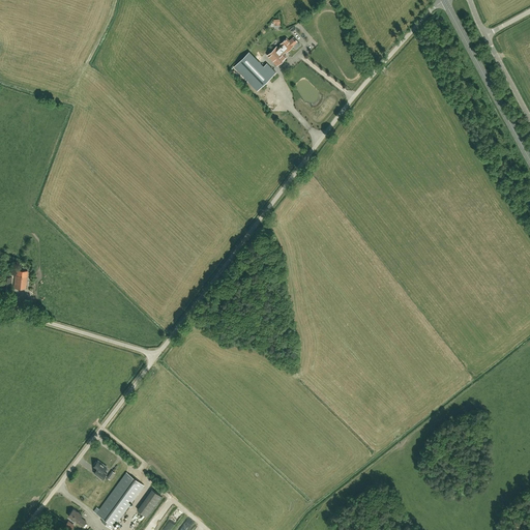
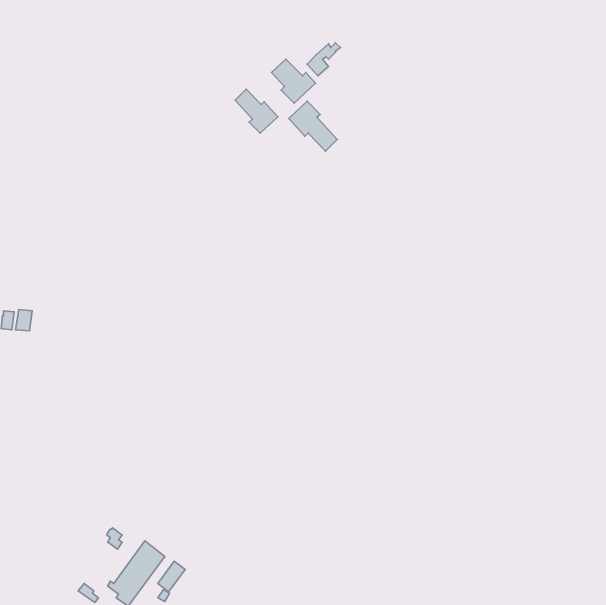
building: none -> [235,89,278,133]
building: none -> [289,101,337,151]

